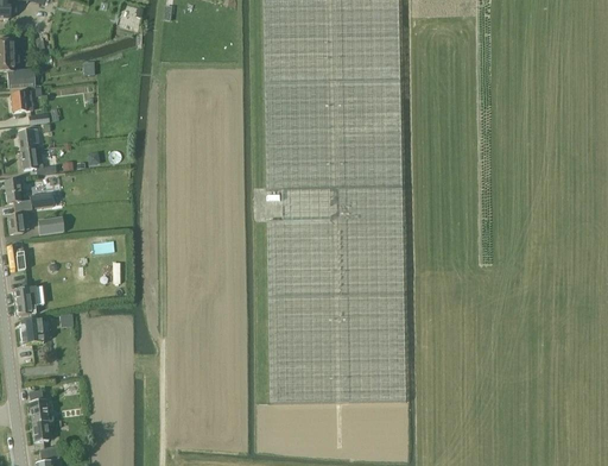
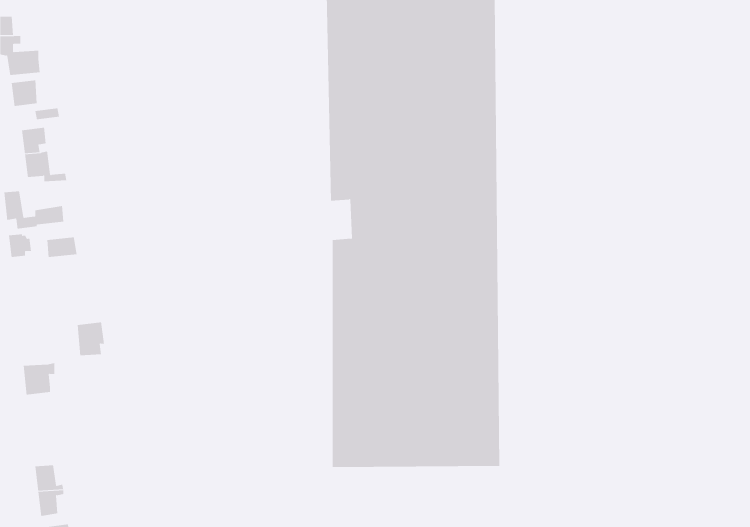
building: [15,285,38,313] -> [77,322,105,356]

